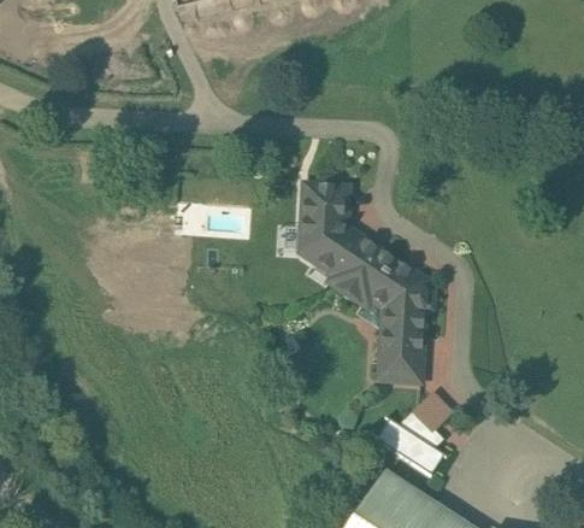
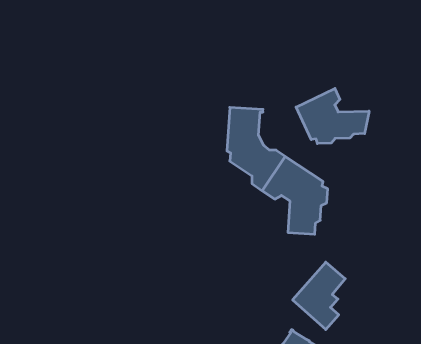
building: none -> [296,88,369,144]
building: [378,333,423,383] -> none

